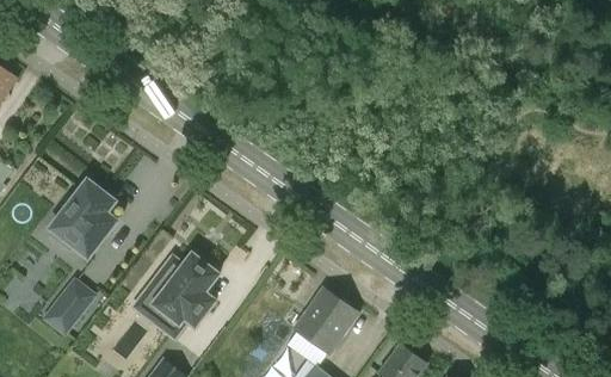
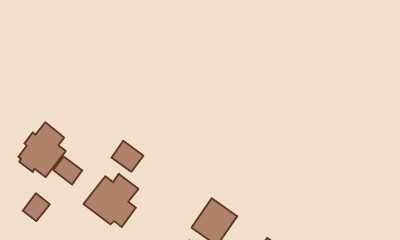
building: none -> [111,141,143,172]
building: none -> [53,157,82,185]

